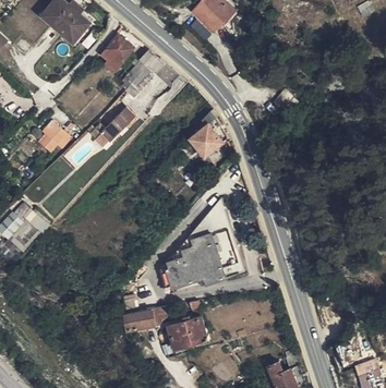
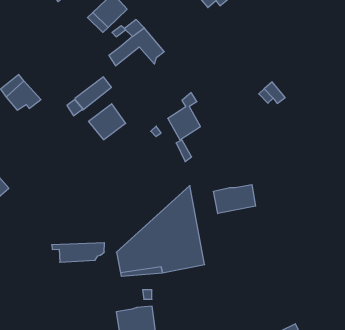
building: none -> [89,104,126,140]
building: none -> [214,185,256,214]
building: [116,306,166,330] -> [52,243,104,262]

